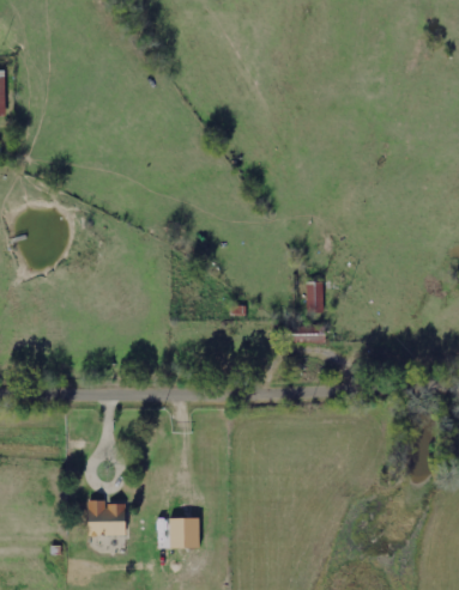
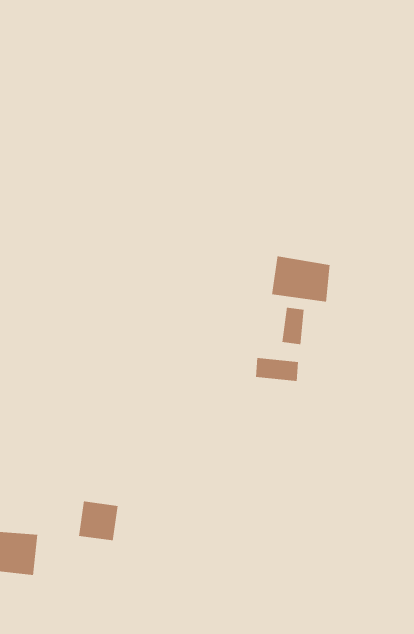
building: none -> [272,256,330,302]
building: [169,517,199,547] -> [78,501,118,541]

